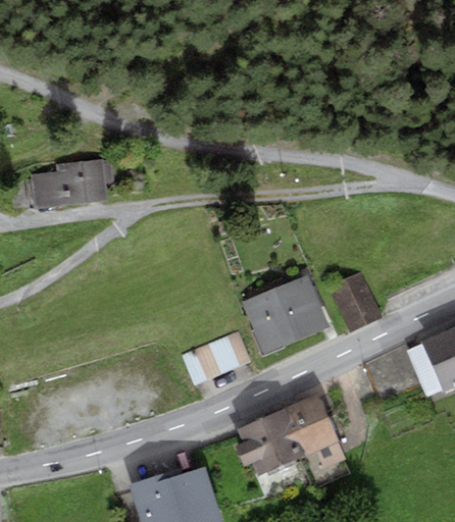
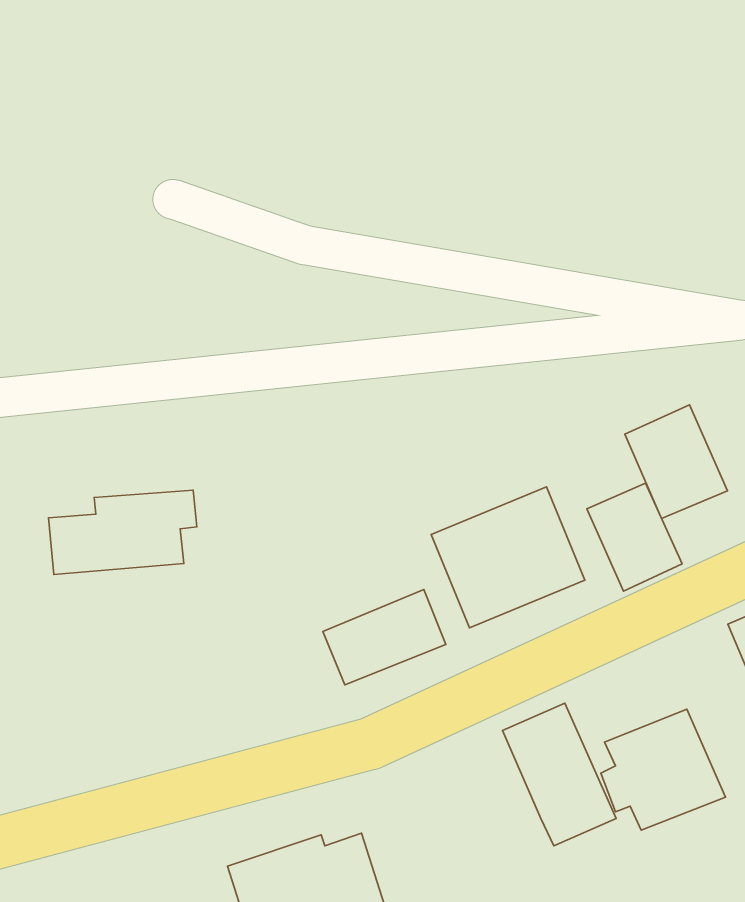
building: [30,160,112,207] -> [48,490,197,575]
building: none -> [625,405,728,519]
building: [235,411,304,478] -> [601,709,725,830]

